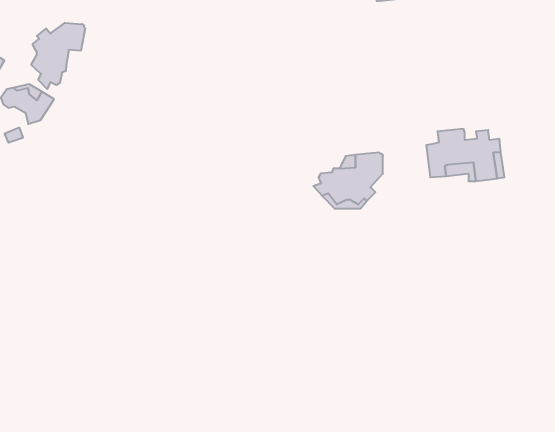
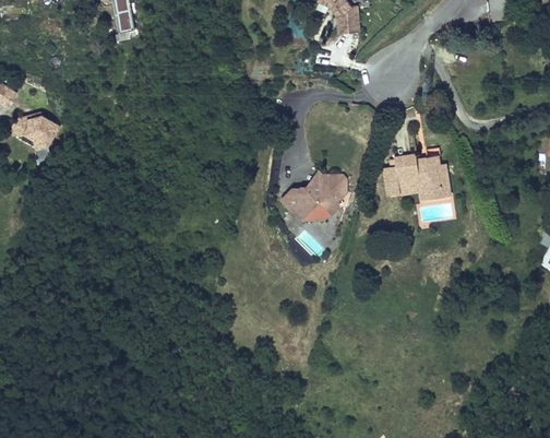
building: [31,23,85,89] -> none

